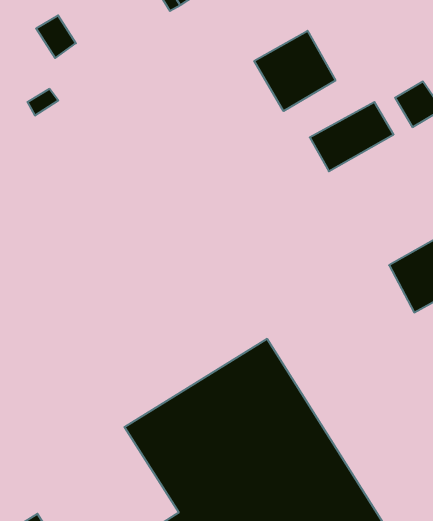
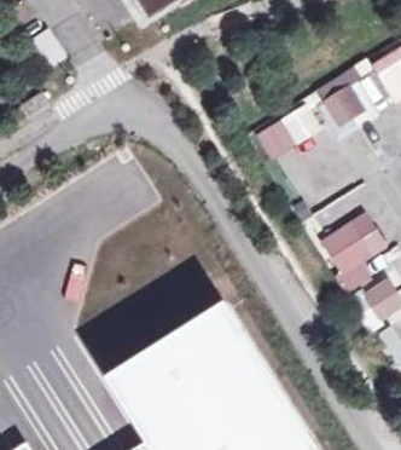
building: [254,31,335,111] -> none

